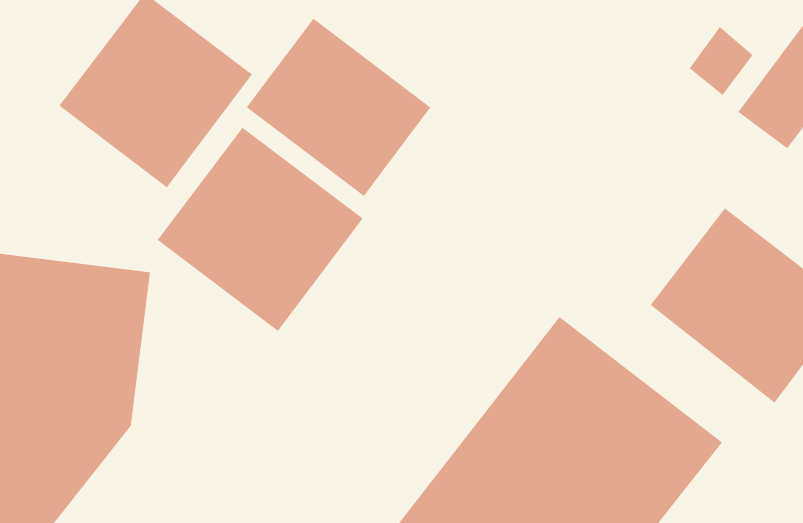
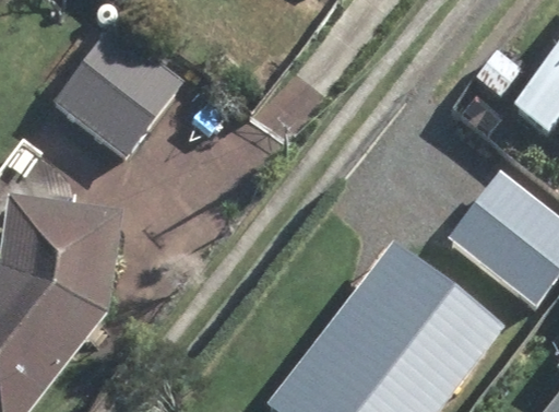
building: [246,18,431,197] -> none
building: [157,127,363,332] -> none

